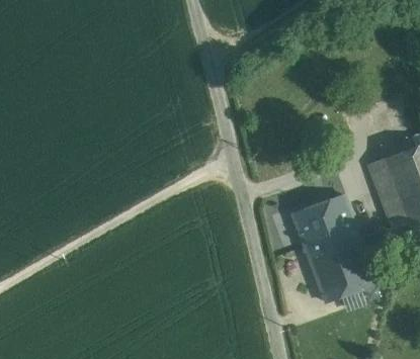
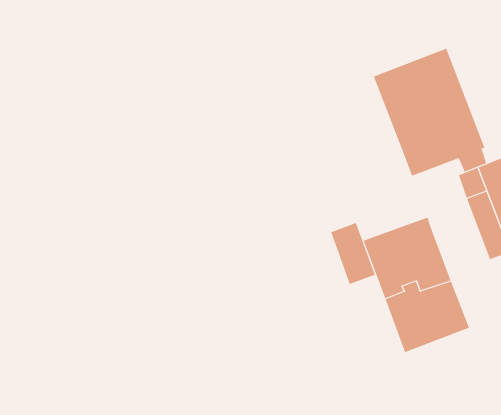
building: none -> [373,48,487,176]
building: none -> [331,222,375,285]

